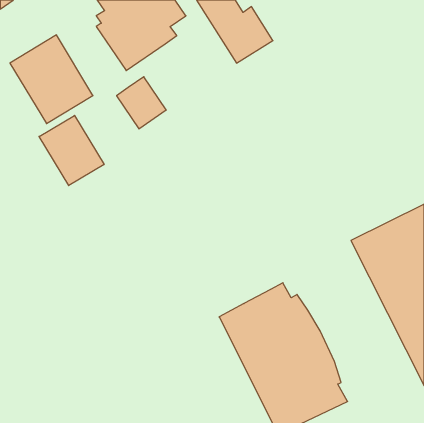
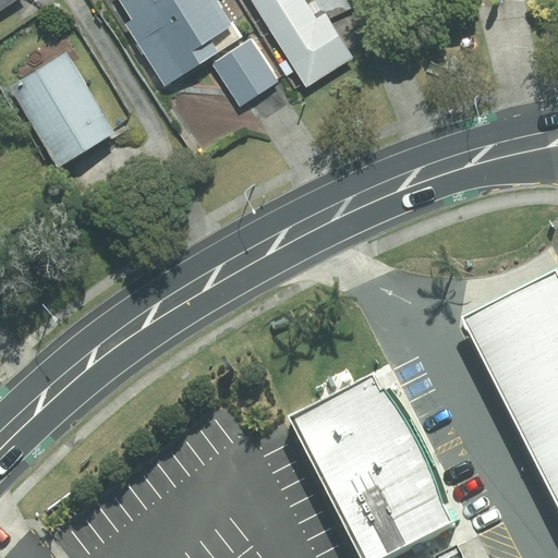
building: [117,77,166,129] -> [217,34,282,102]
building: [39,115,104,186] -> none

